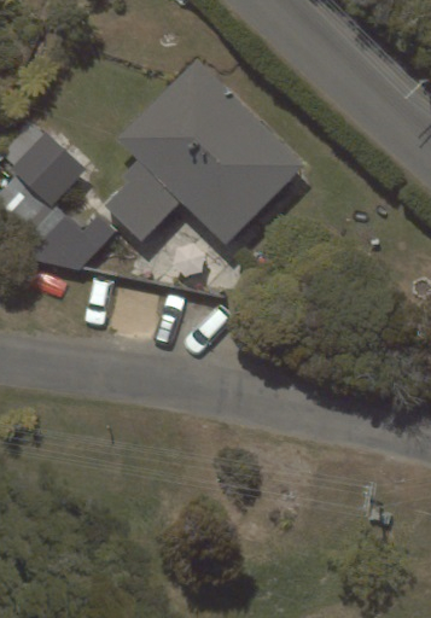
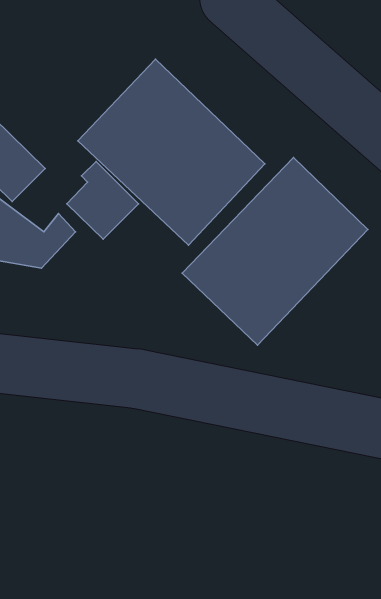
building: none -> [182,157,368,345]

